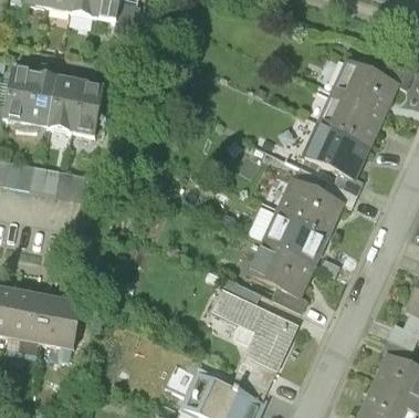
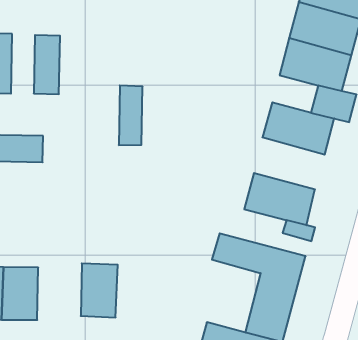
building: [50,73,81,132] -> [119,85,143,145]
building: [263,207,332,263] -> none
building: [40,294,82,349] -> [81,263,118,317]

